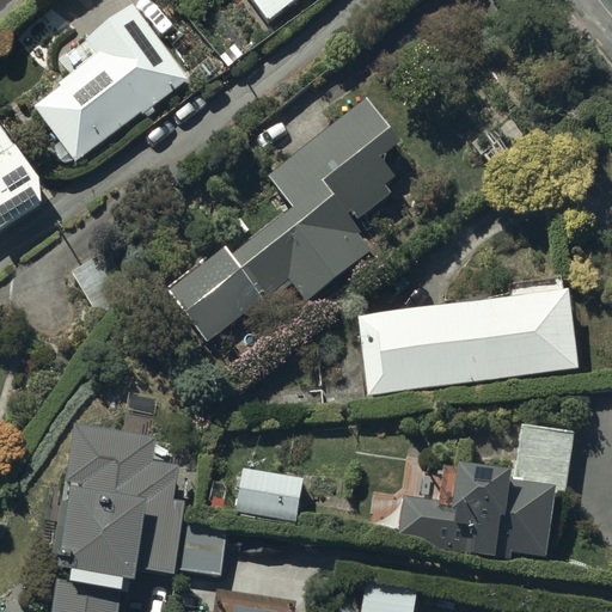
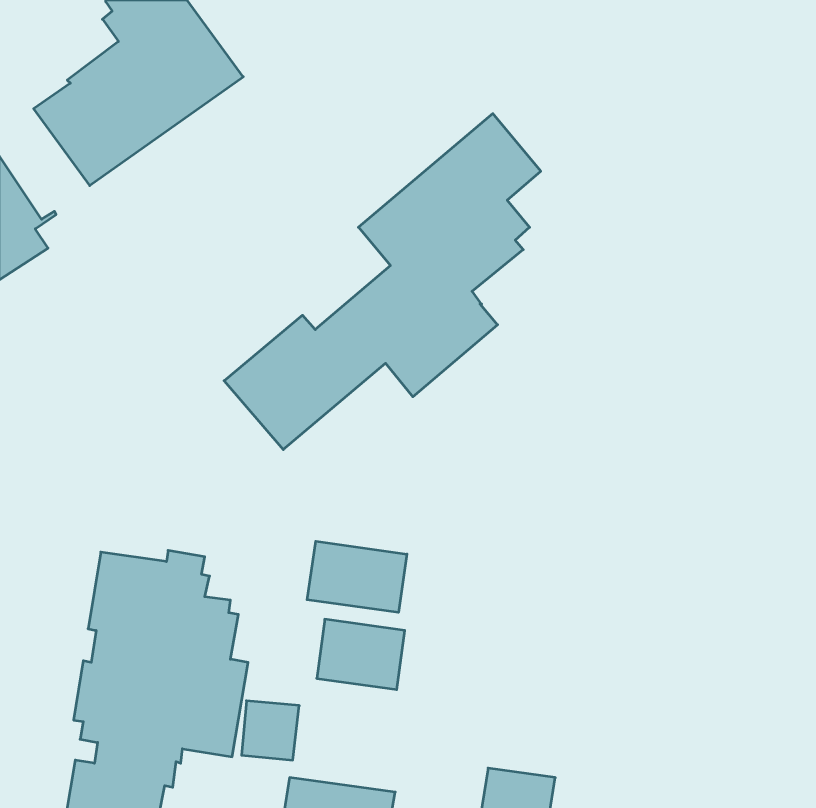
building: [357,288,576,397] -> none
building: none -> [307,541,407,612]
building: [399,427,573,562] -> none

